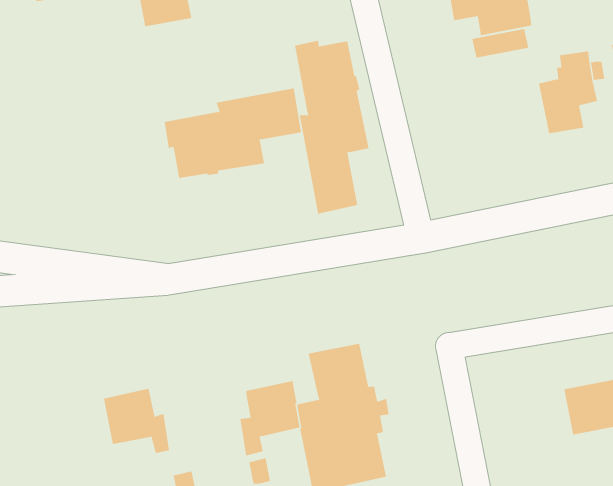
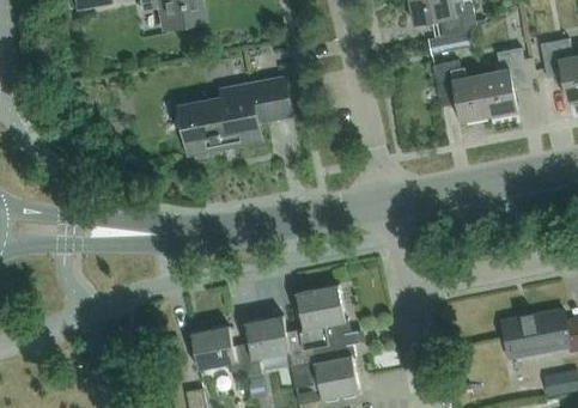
building: [295,40,369,214] -> none
building: none -> [434,61,489,122]
building: [103,388,170,453] -> [191,325,245,378]

